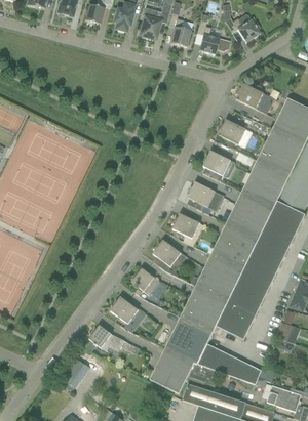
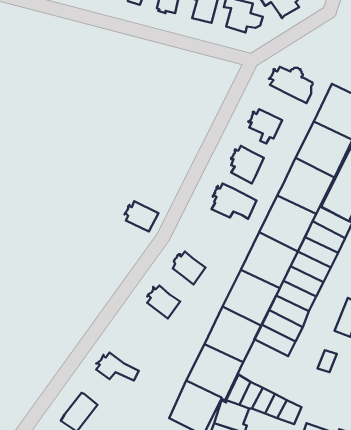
building: [171,212,200,238] -> [125,201,159,232]
building: [110,296,141,331] -> none
building: [216,312,251,339] -> none

